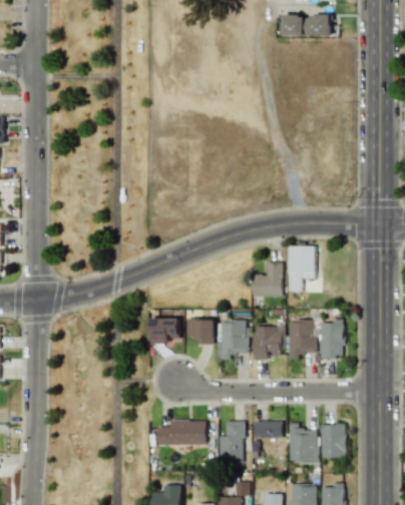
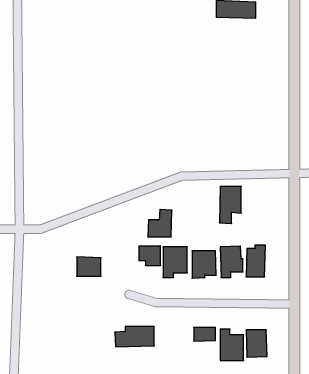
building: [253,262,283,296] -> [148,209,172,237]
building: [150,318,180,342] -> [77,257,101,276]
building: [220,421,244,464] -> none

